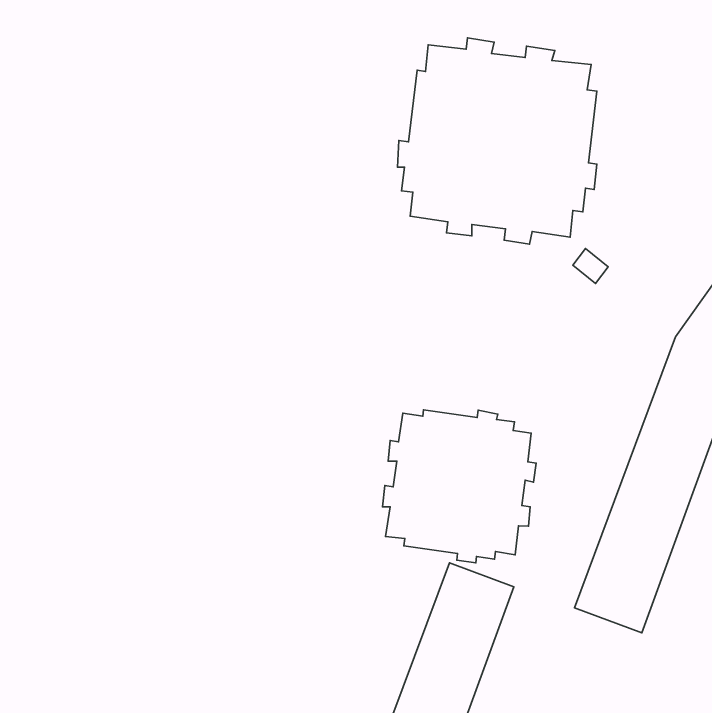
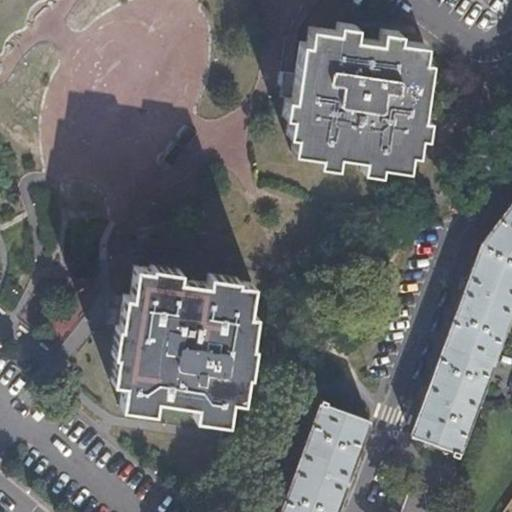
building: none -> [115,271,256,425]
building: [382,410,536,563] -> none

